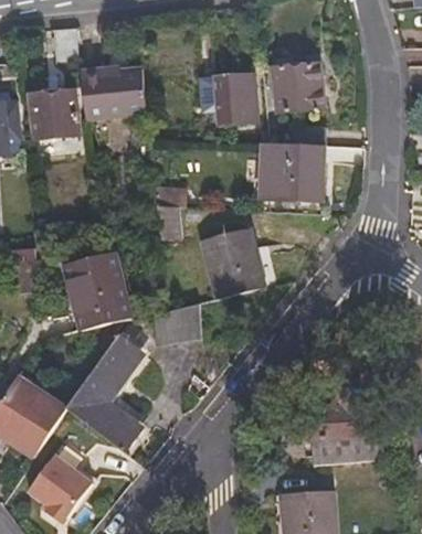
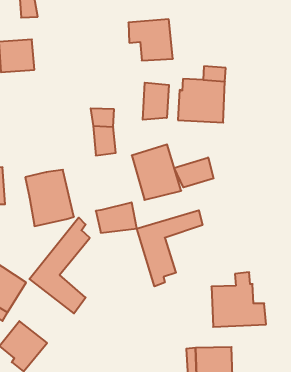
building: [274,60,323,107] -> none
building: [80,70,143,119] -> none
building: none -> [143,83,169,120]
building: none -> [174,157,214,187]
building: none -> [137,210,202,286]

